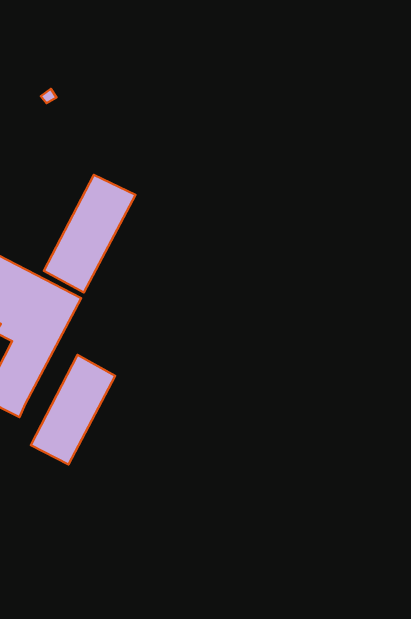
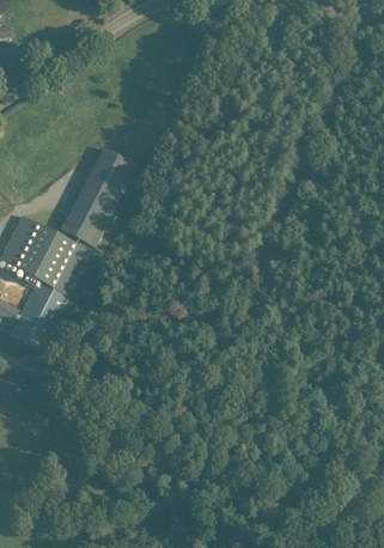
building: [31,355,115,465] -> none

